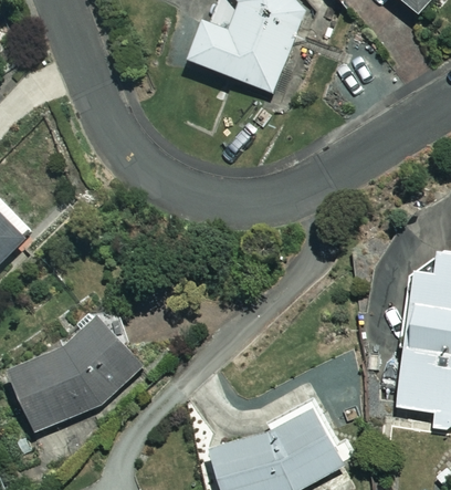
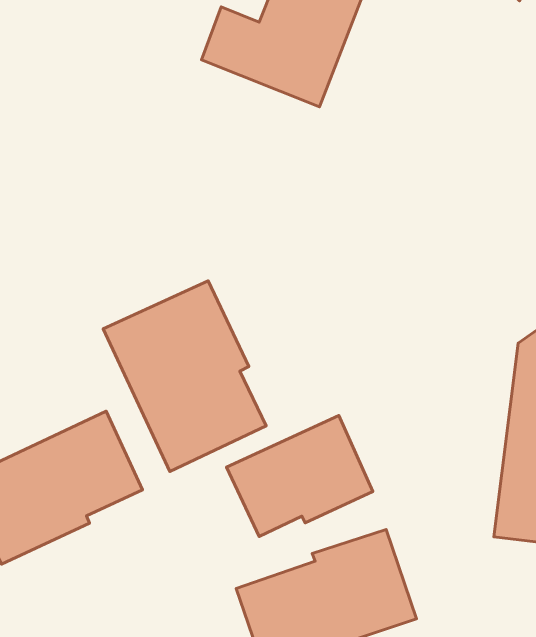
building: none -> [103,281,266,471]
building: none -> [227,415,373,537]

